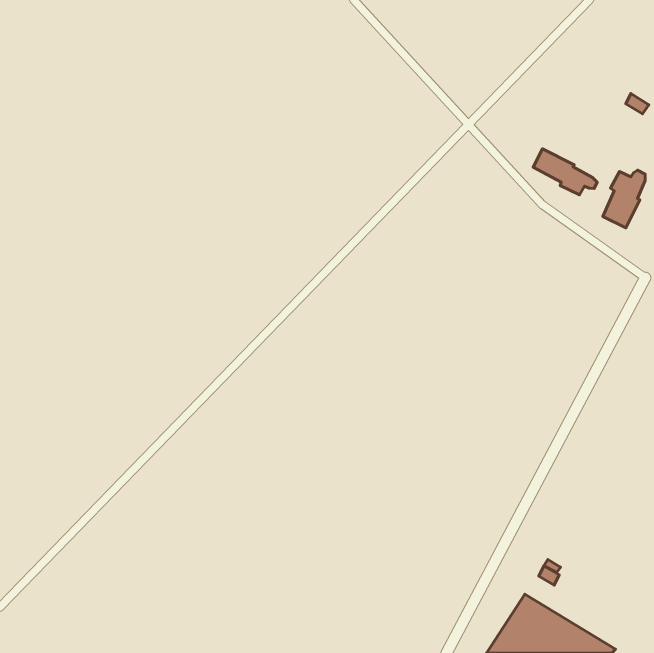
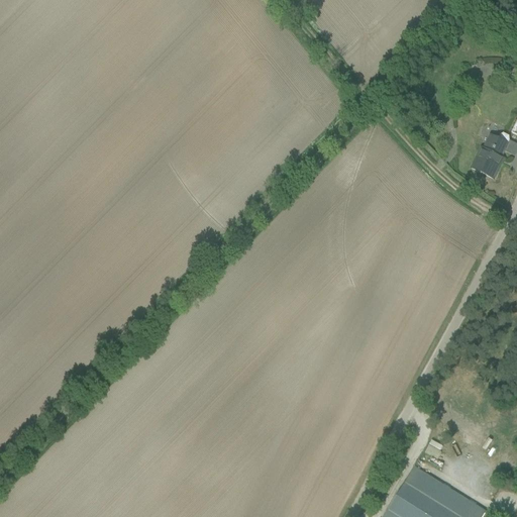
building: [533,149,597,195] -> none

